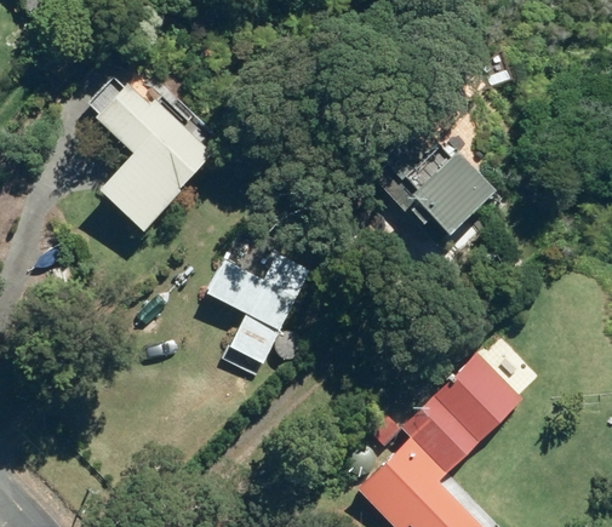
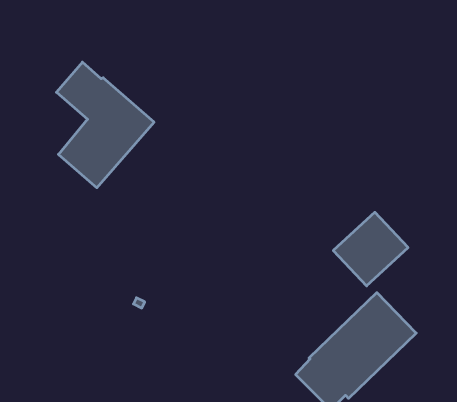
building: [400,149,487,235] -> [333,212,408,286]
building: [210,256,310,366] -> none

